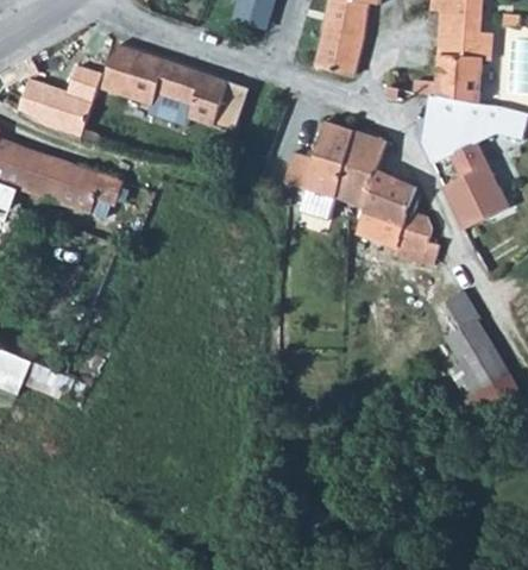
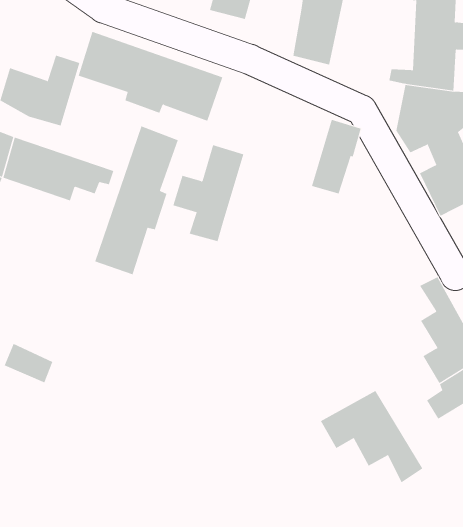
building: [282,121,354,220] -> [172,145,244,242]
building: none -> [95,126,178,275]
building: [357,169,439,264] -> none
building: none -> [320,390,423,483]

